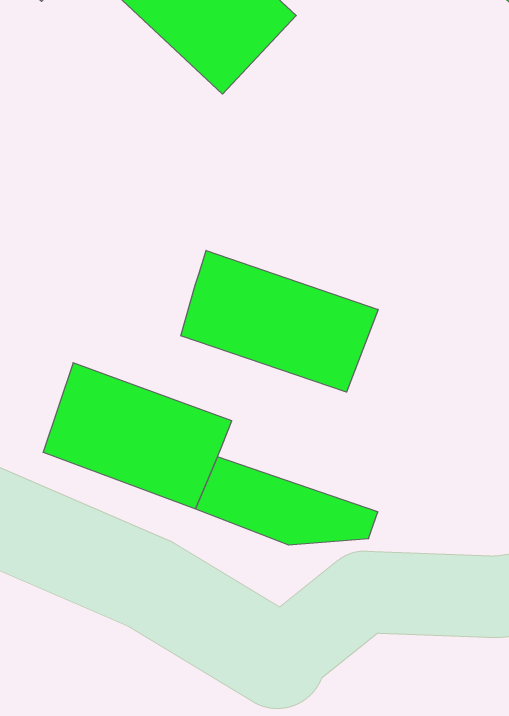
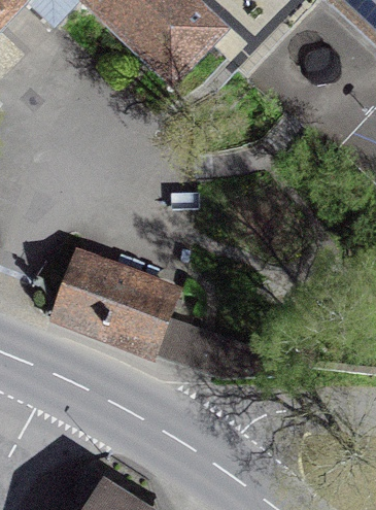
building: [181,250,378,392] -> none

